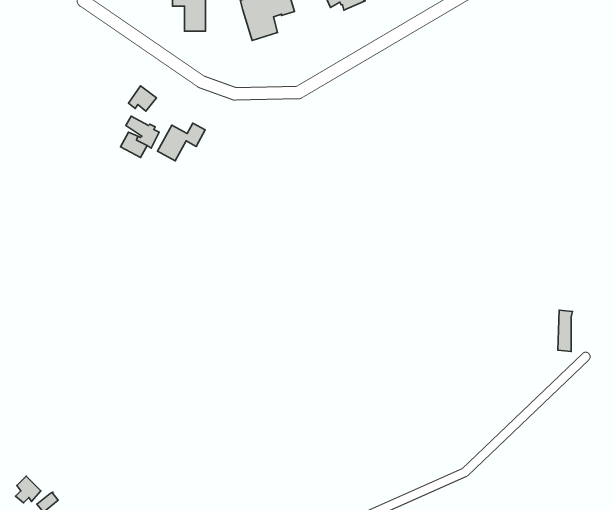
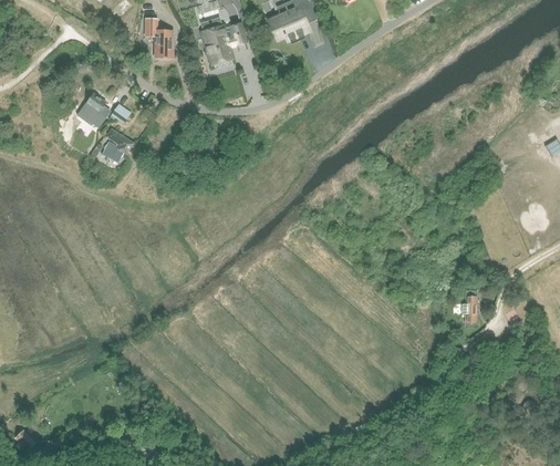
building: none -> [77,92,110,127]
building: [158,123,205,161] -> none

